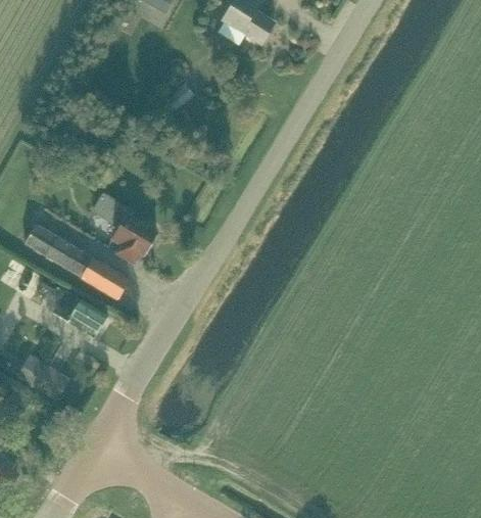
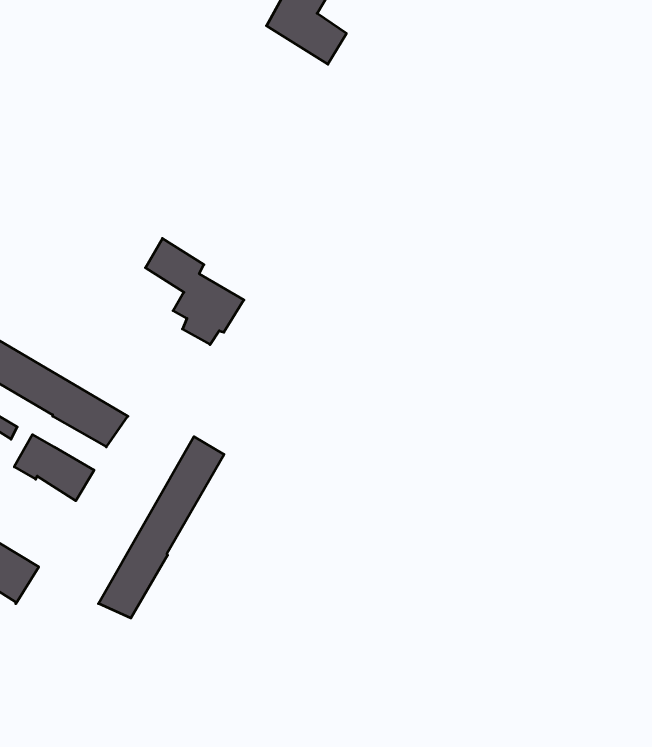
building: [90,191,155,262] -> [145,238,244,345]
building: none -> [98,437,224,618]

